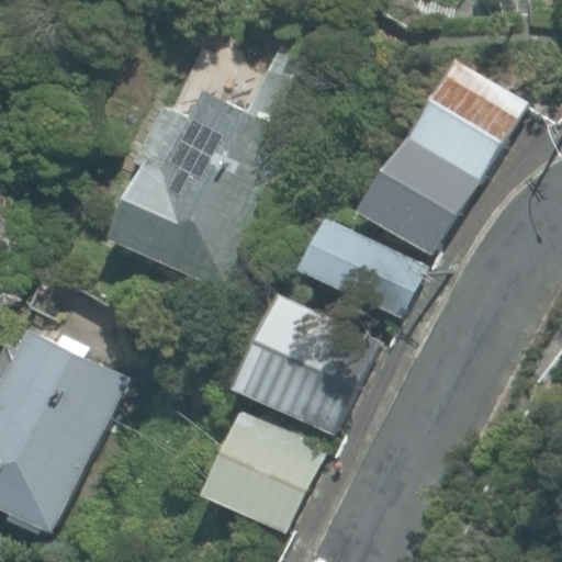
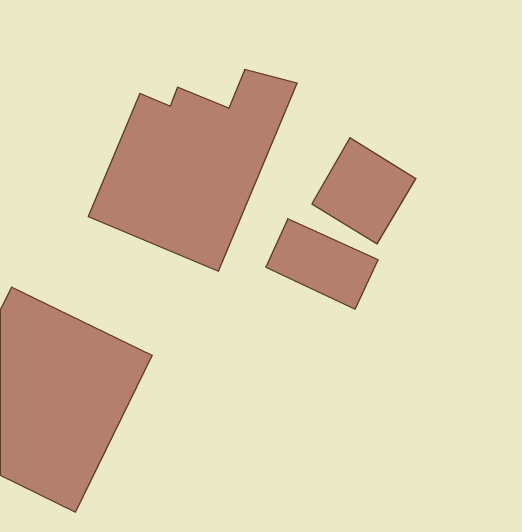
building: [381,67,497,187] -> none
building: [231,297,366,438] -> none
building: [199,419,315,536] -> none

